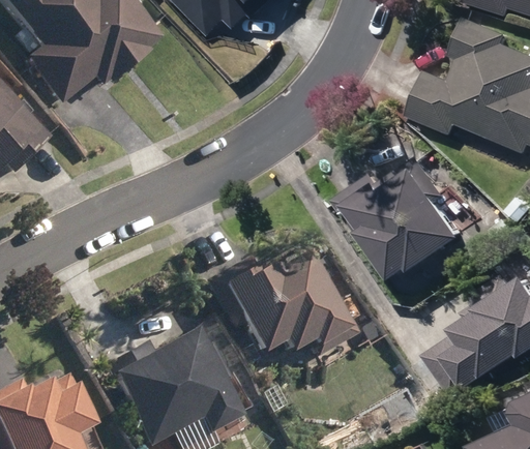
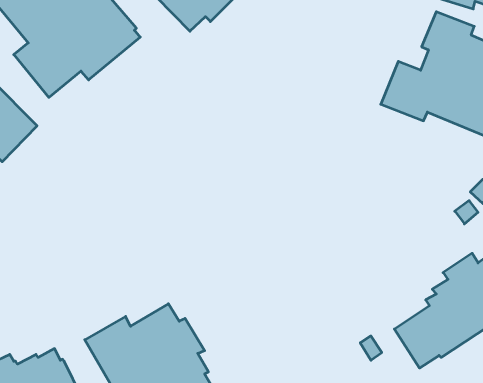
building: [338,154,476,275] -> none
building: [206,252,358,356] -> none

